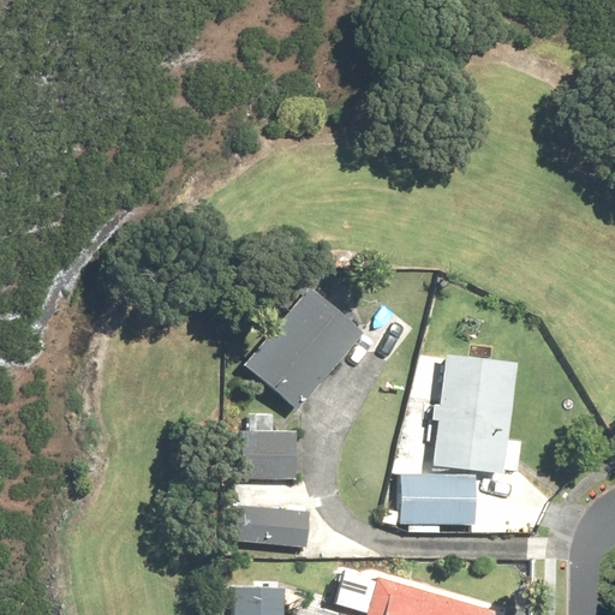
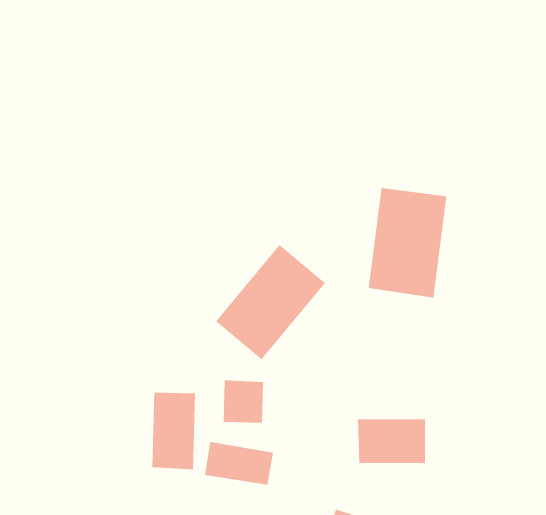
building: [432,353,520,476] -> [368,187,447,298]
building: none -> [152,392,195,470]

